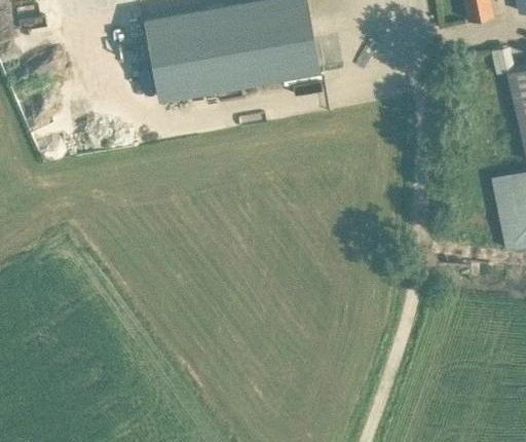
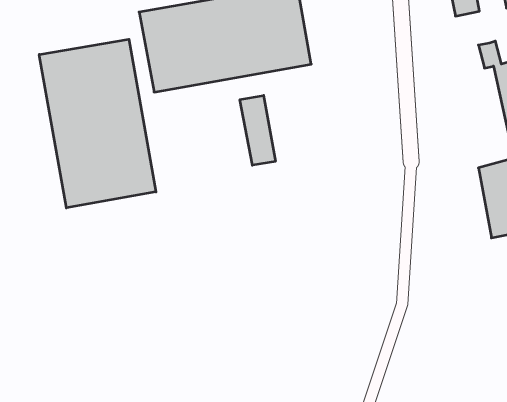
building: none -> [39,39,156,208]
building: none -> [240,95,275,165]

